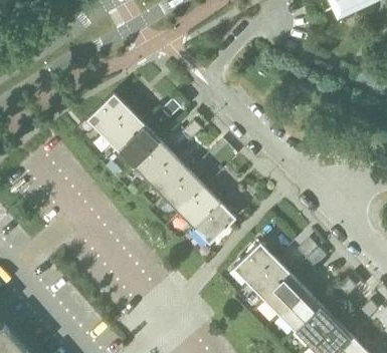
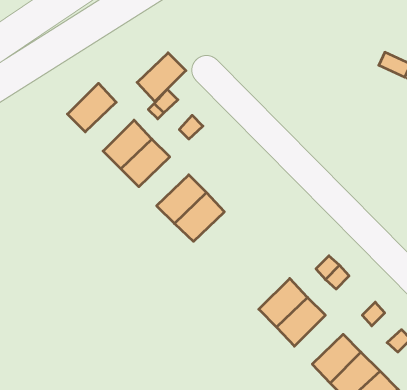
building: [103,109,144,150] -> [137,53,186,101]
building: [148,155,190,197] -> none
building: [194,202,235,243] -> none
building: [234,243,275,284] -> none
building: [279,289,321,330] -> none

